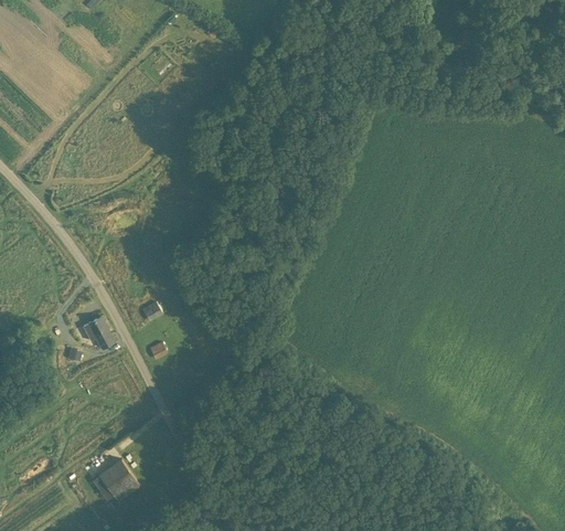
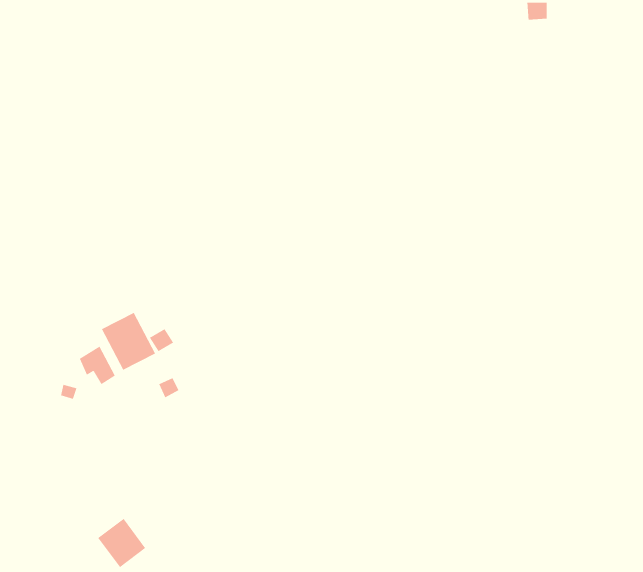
building: none -> [101,312,156,371]

